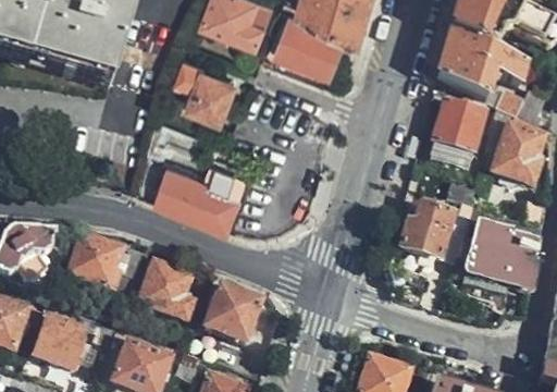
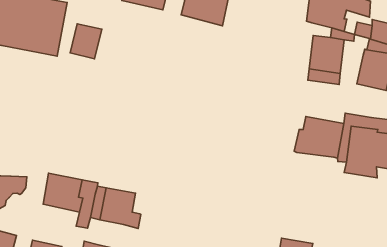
building: [188,71,233,119] -> [70,24,102,59]
building: [156,166,246,230] -> none
building: [206,287,258,340] -> none

